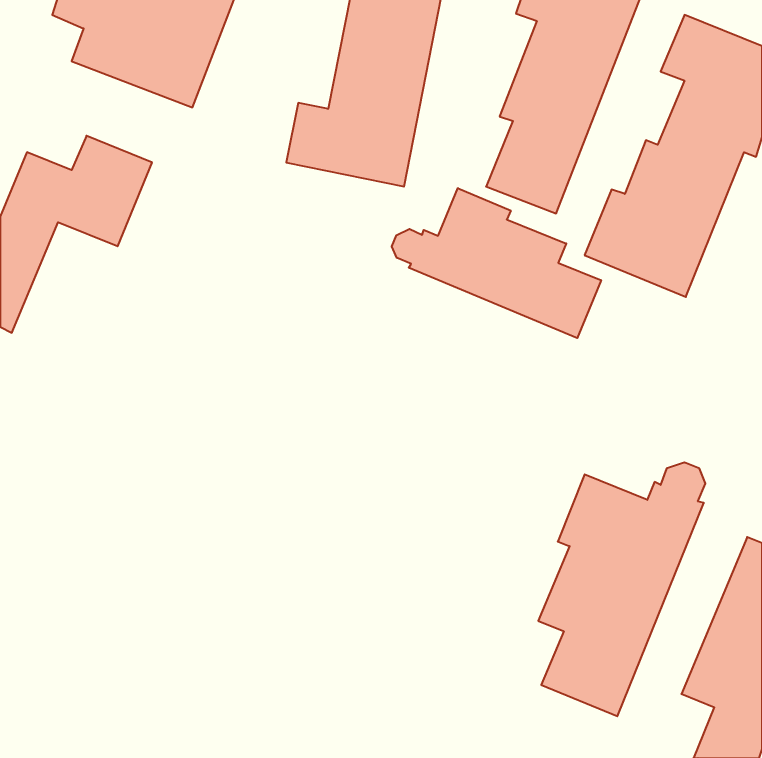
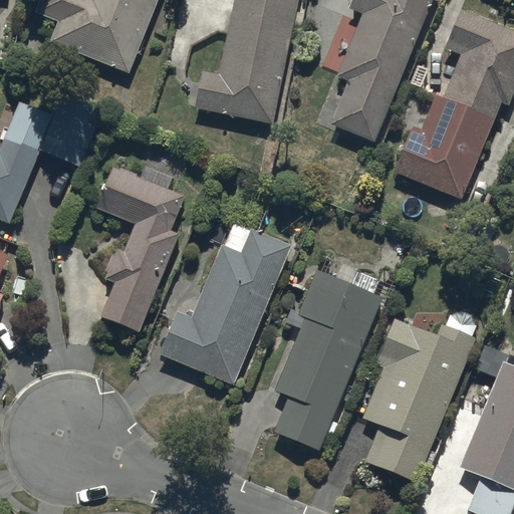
building: [392,188,601,338] -> none
building: none -> [94,167,184,332]
building: none -> [160,229,291,384]
building: none -> [273,270,381,451]

